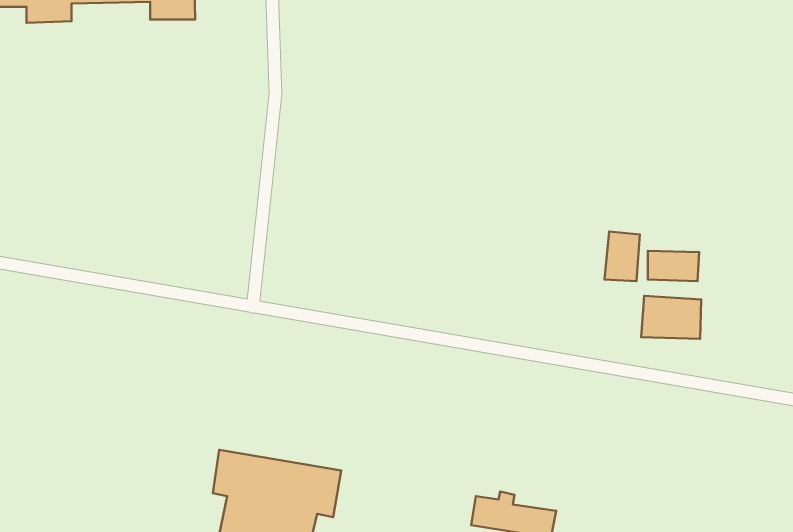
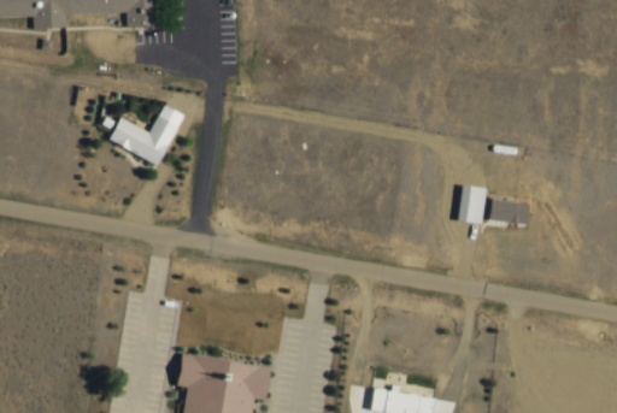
building: none -> [112,106,186,165]
building: [641,296,701,339] -> none

